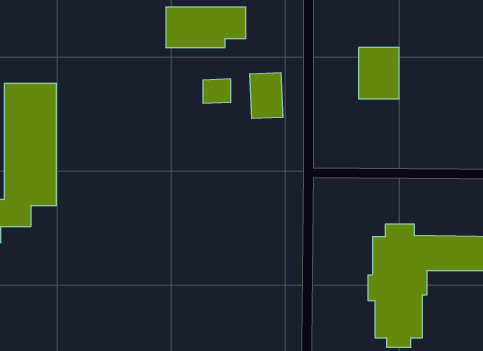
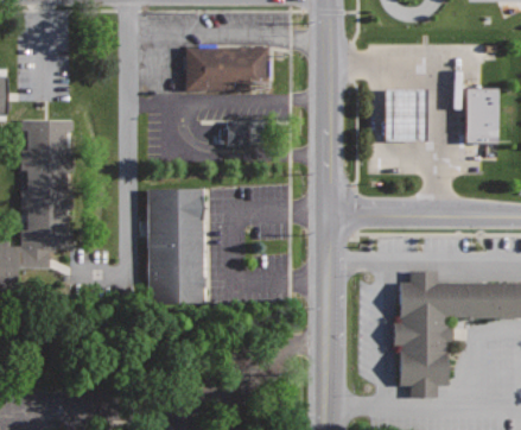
building: none -> [465,86,500,141]
building: [250,73,283,119] -> none
building: none -> [145,185,195,308]

